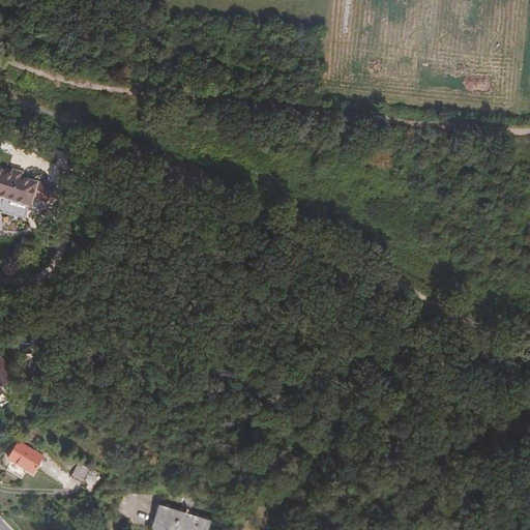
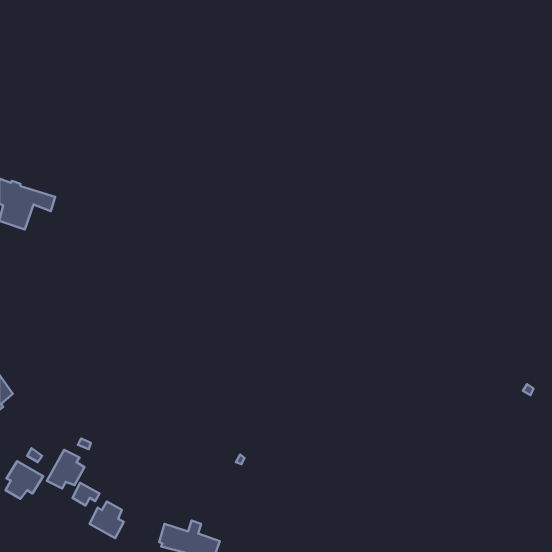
building: none -> [47,450,85,488]
building: none -> [89,501,124,538]

